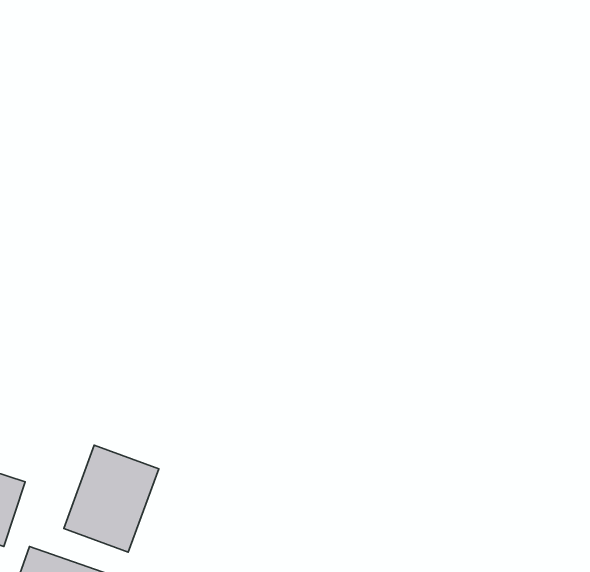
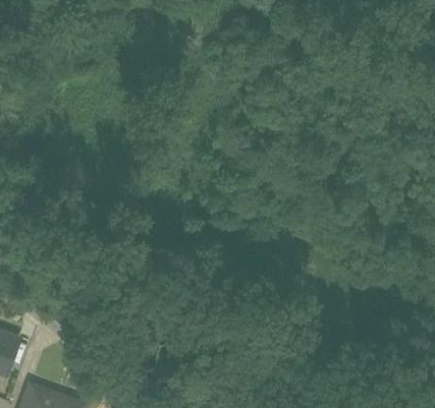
building: [64,445,159,552] -> none

